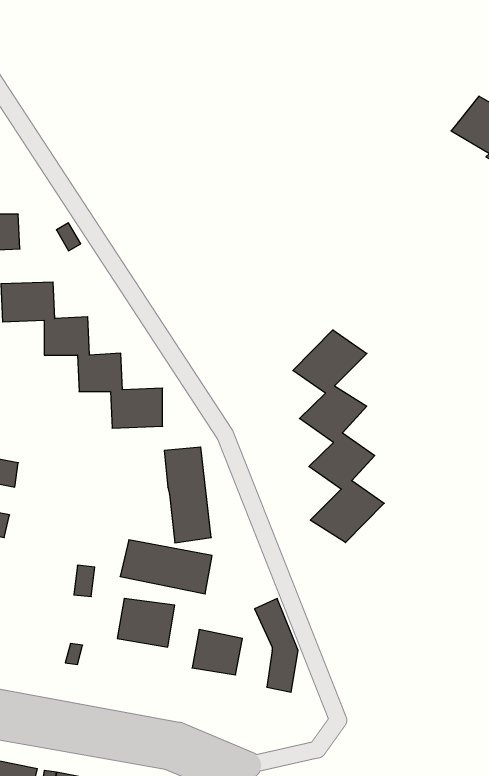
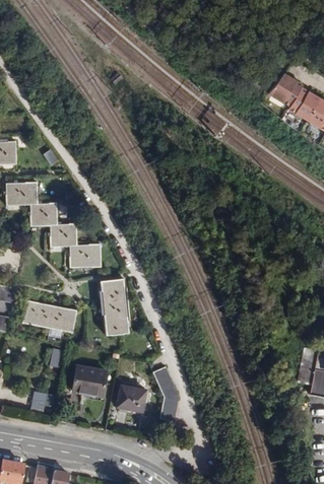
building: [293,330,384,543] -> none
building: [120,540,212,594] -> [22,300,76,332]

